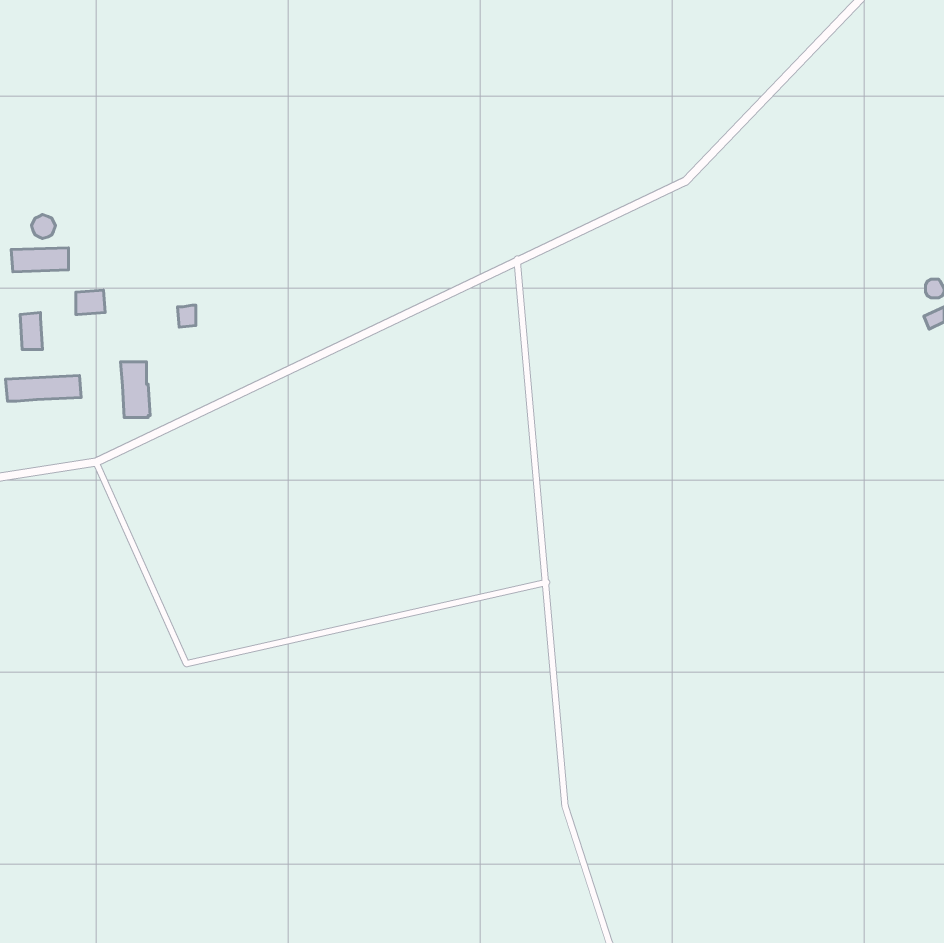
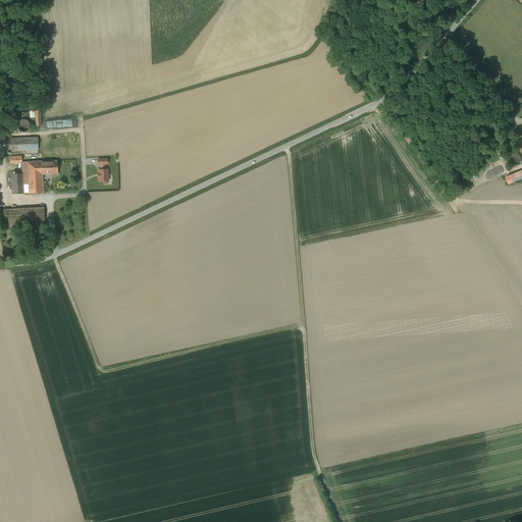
building: [121,362,150,417] -> [28,161,44,192]

